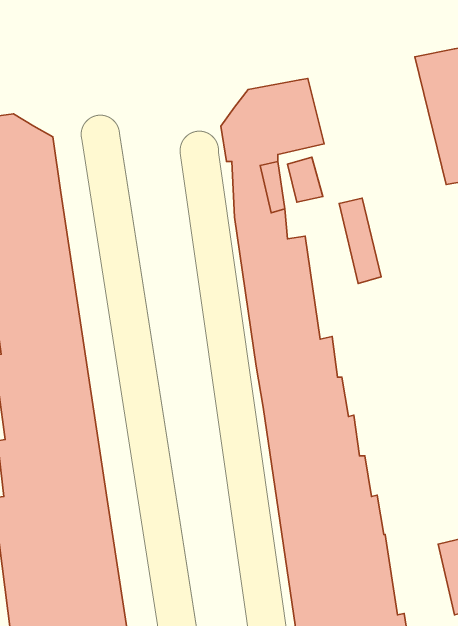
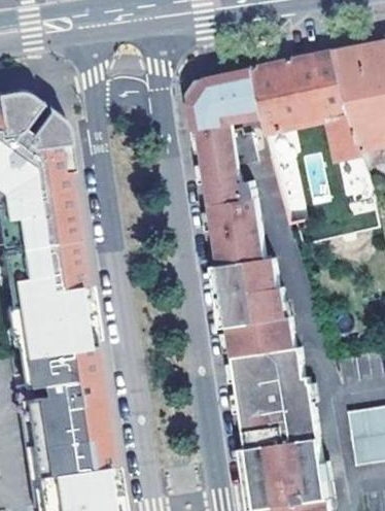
building: none -> [254,49,360,159]

